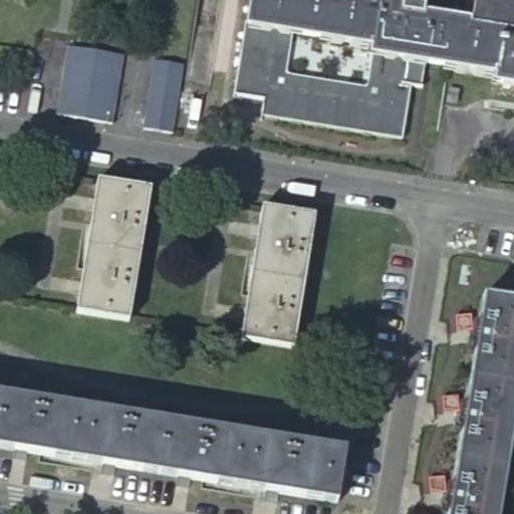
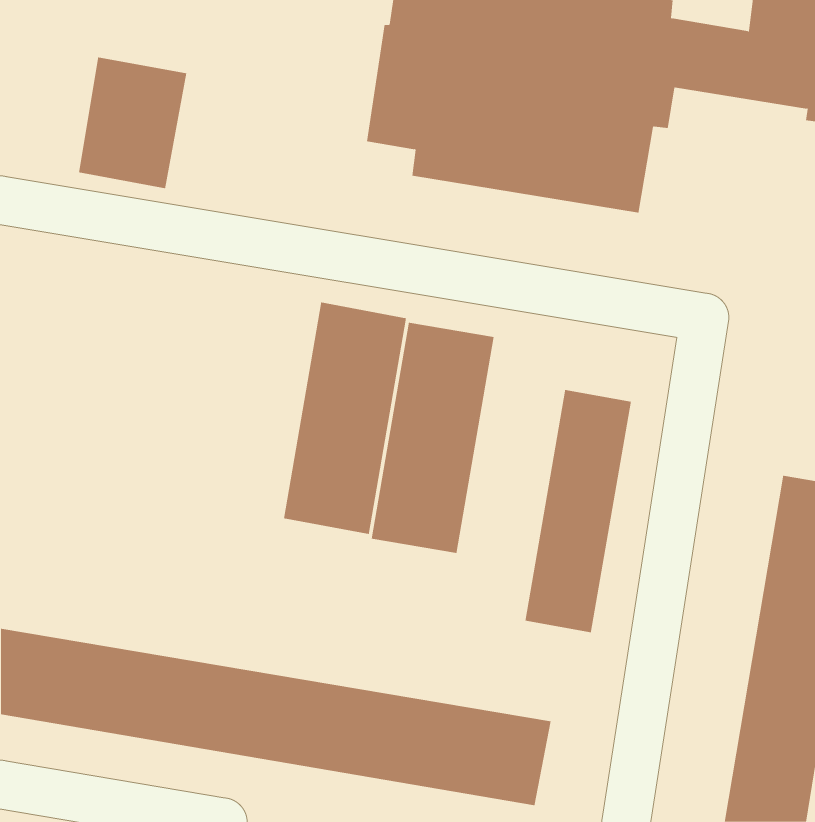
building: [145,50,185,126] -> none
building: [75,171,152,314] -> [283,302,407,535]
building: none -> [525,389,631,633]

